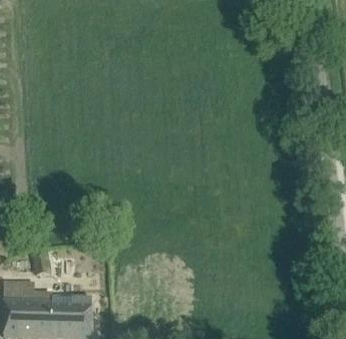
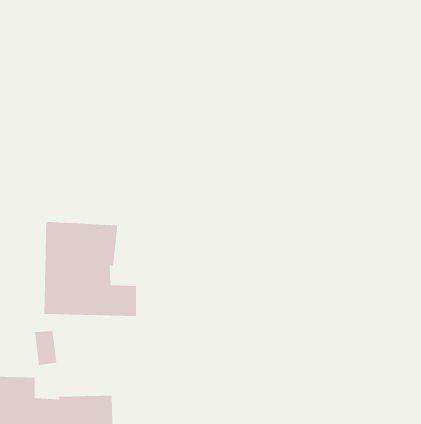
building: none -> [44,221,137,317]

